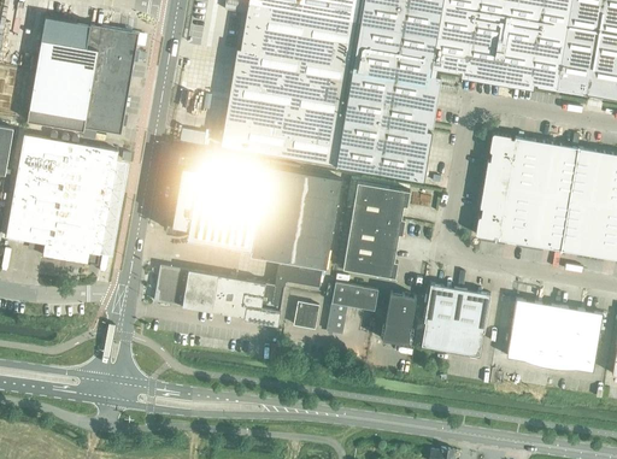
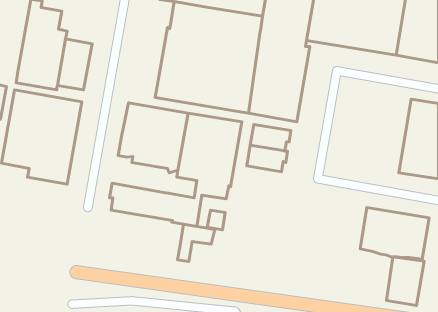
building: [86,25,139,71] -> none
building: [475,135,577,251] -> none
building: [342,241,398,278] -> none
building: [327,283,378,335] -> [178,224,215,261]
building: [419,284,490,358] -> none
building: [382,293,416,345] -> none
building: none -> [387,257,424,305]

